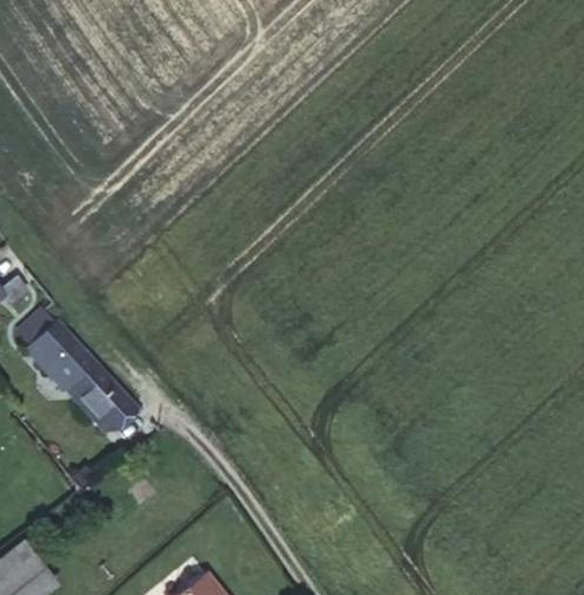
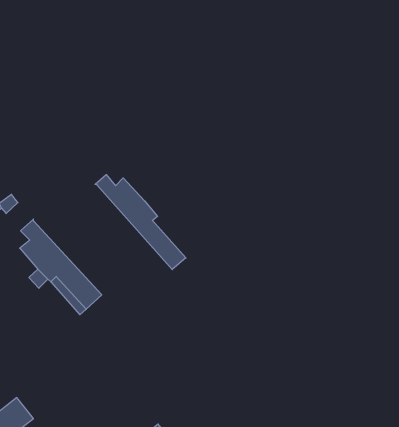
building: none -> [95,175,186,270]

